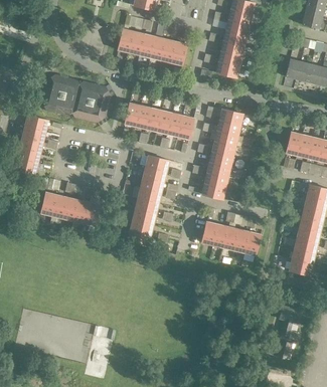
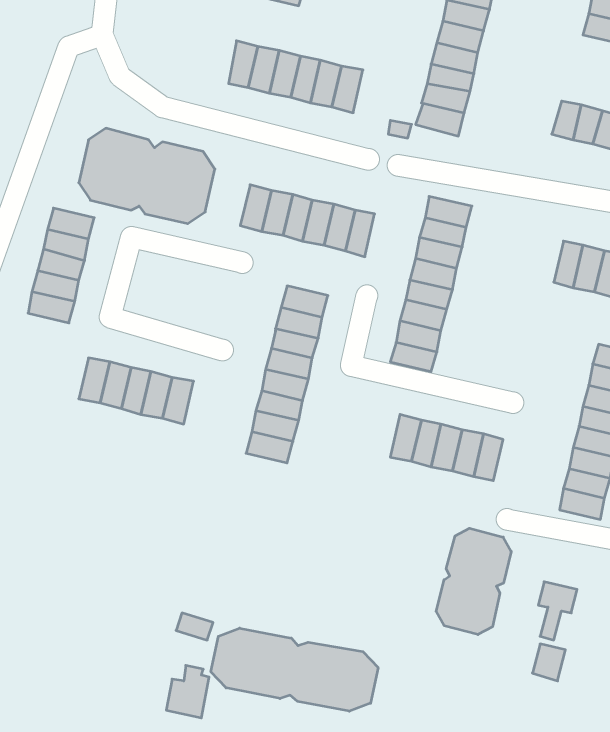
building: none -> [436,528,511,635]
building: none -> [211,628,378,711]

